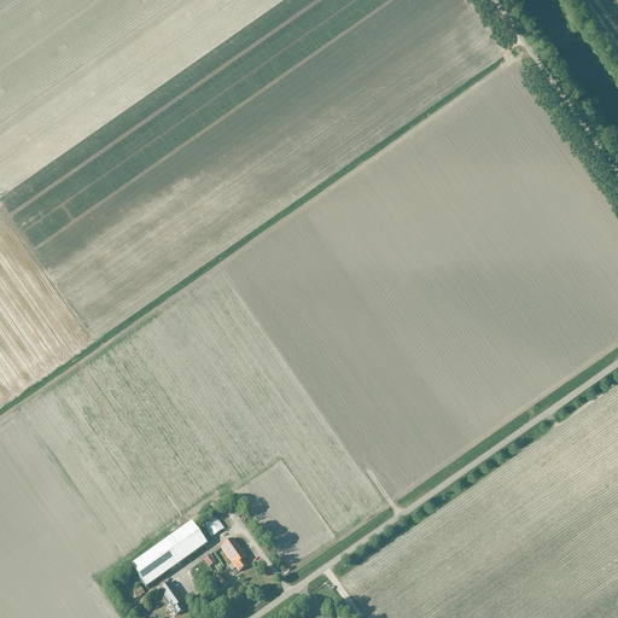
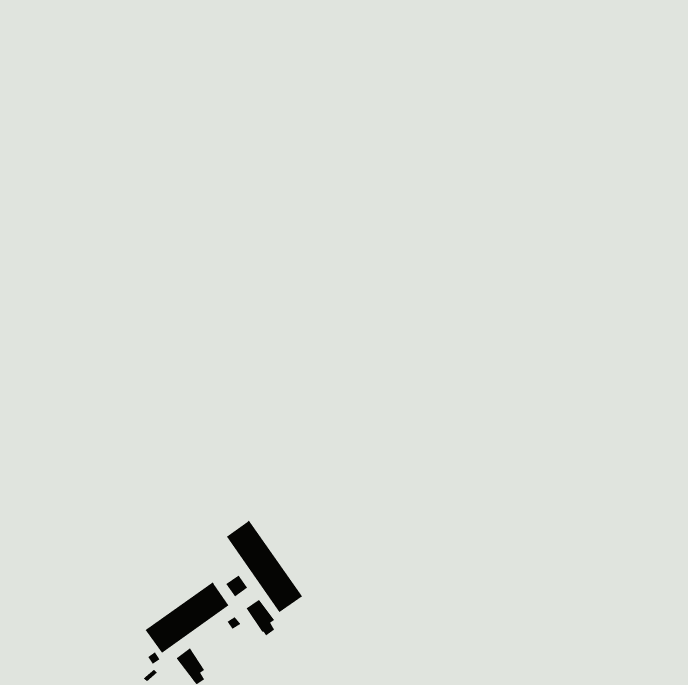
building: none -> [226,519,303,613]

